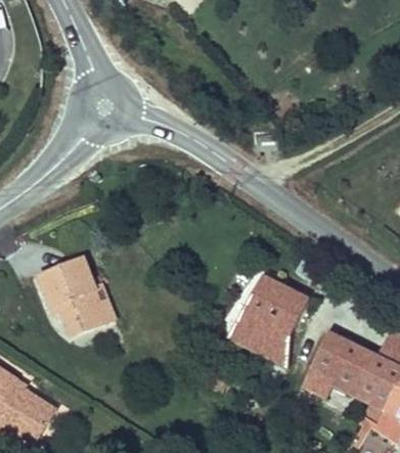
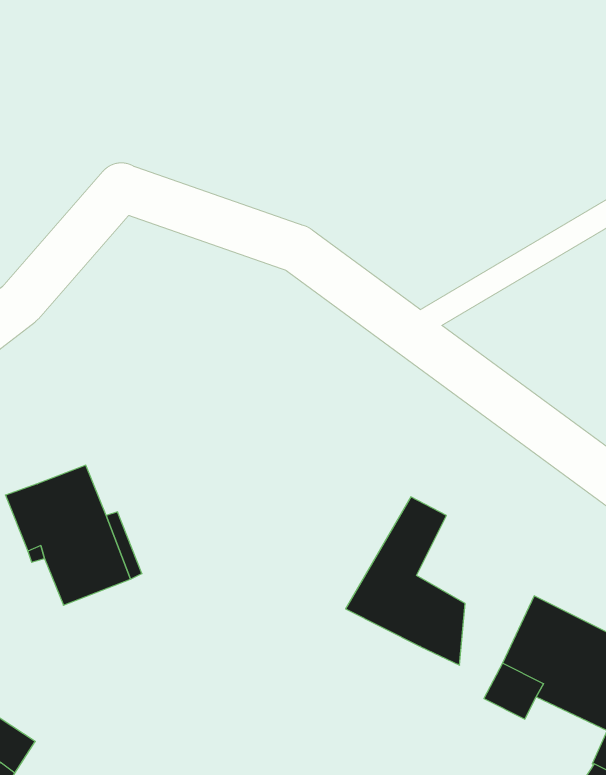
building: [264,285,309,333] -> none

